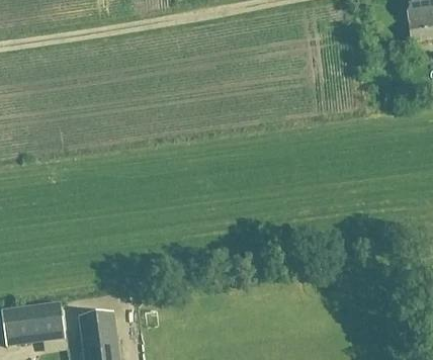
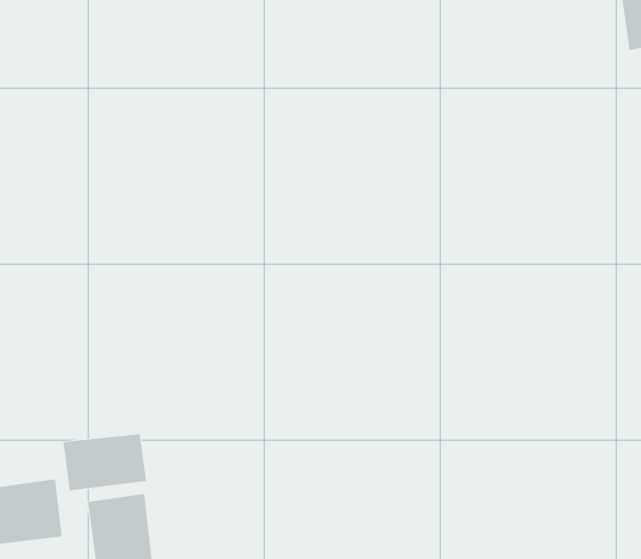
building: none -> [63,433,146,491]

